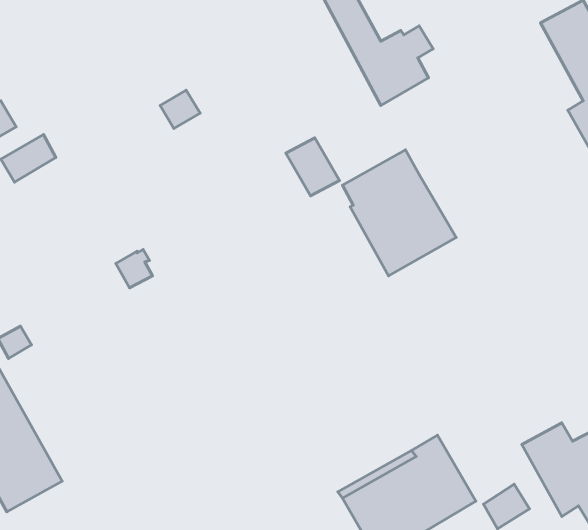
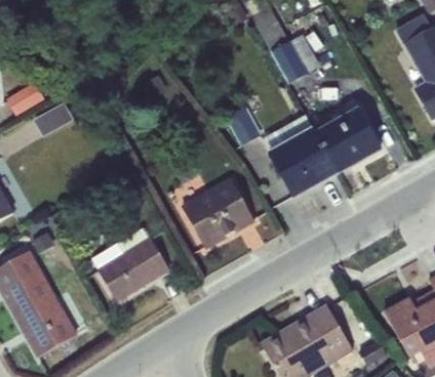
building: none -> [315,107,382,172]
building: none -> [182,177,254,247]
building: none -> [91,226,169,300]

